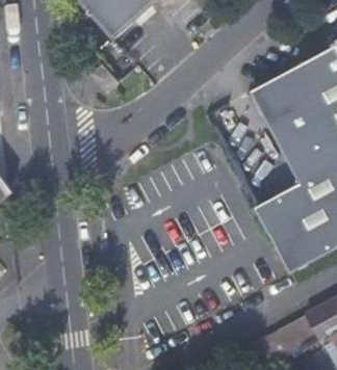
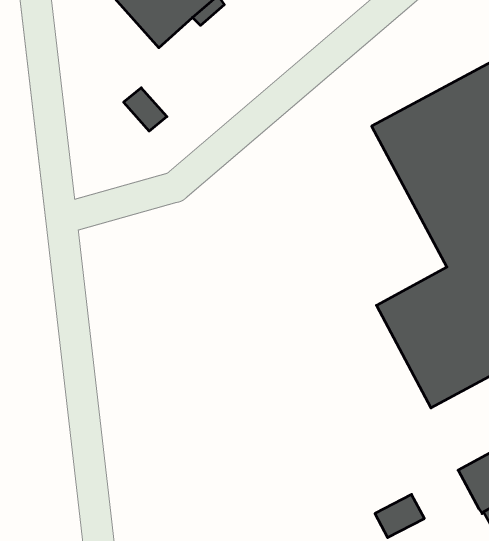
building: [278,314,321,354] -> none

